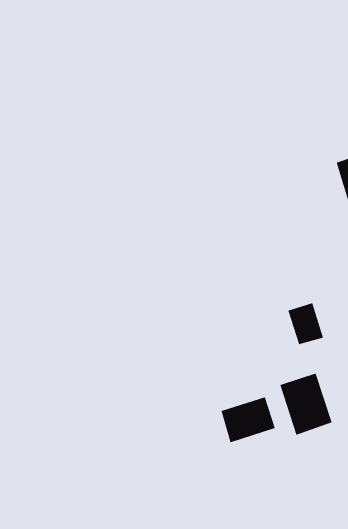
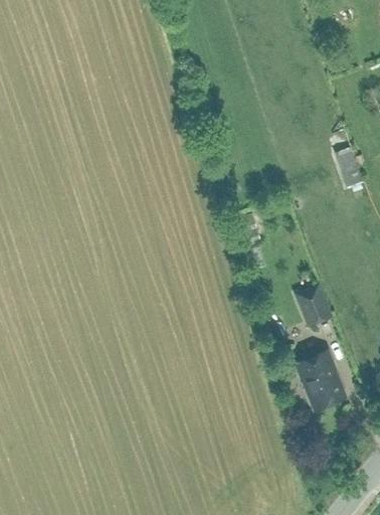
building: [221,397,275,443] -> none

